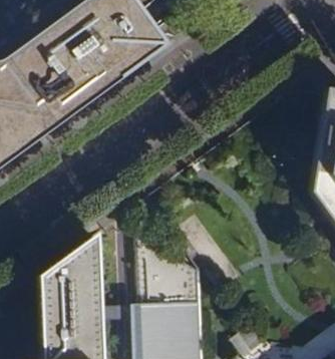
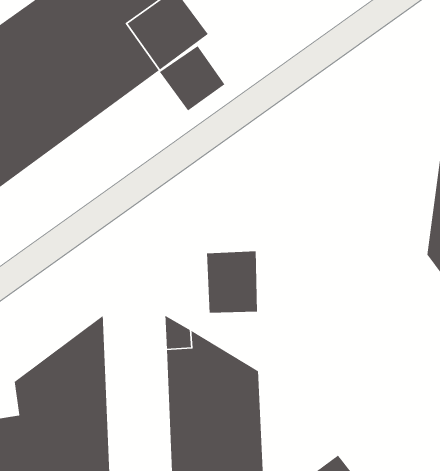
building: none -> [159,45,226,112]
building: none -> [206,250,258,314]

